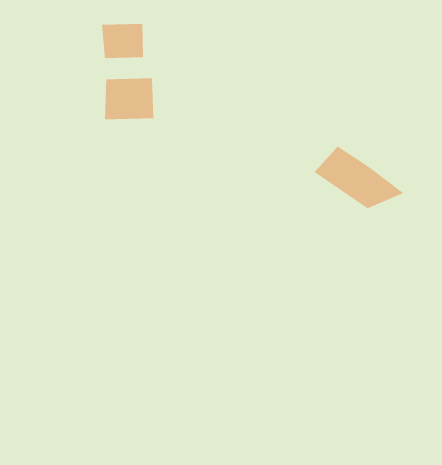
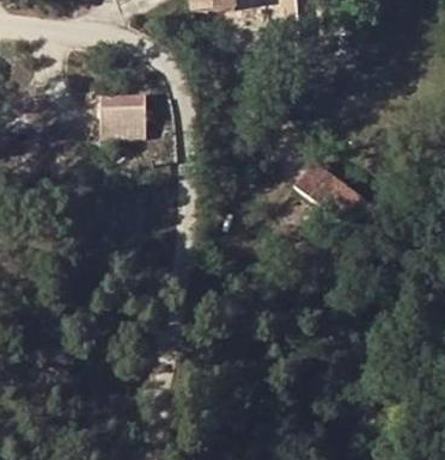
building: [102,23,143,59] -> none

